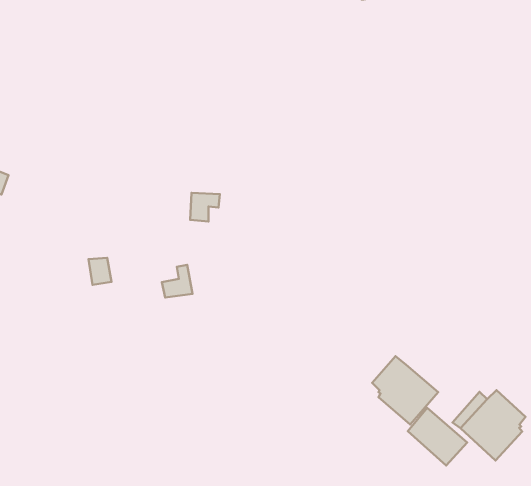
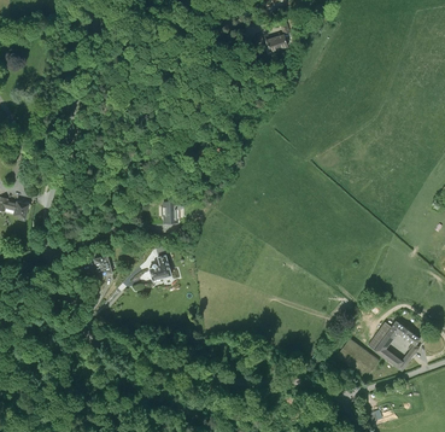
building: [372,356,438,425] -> none

